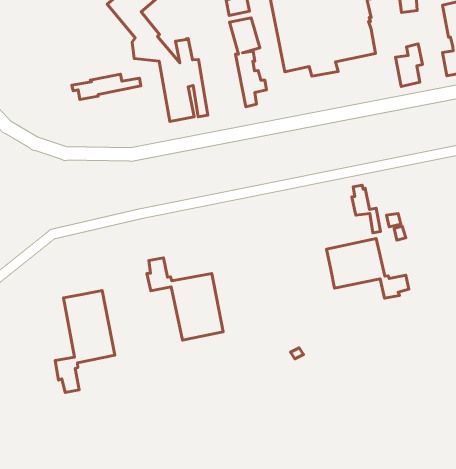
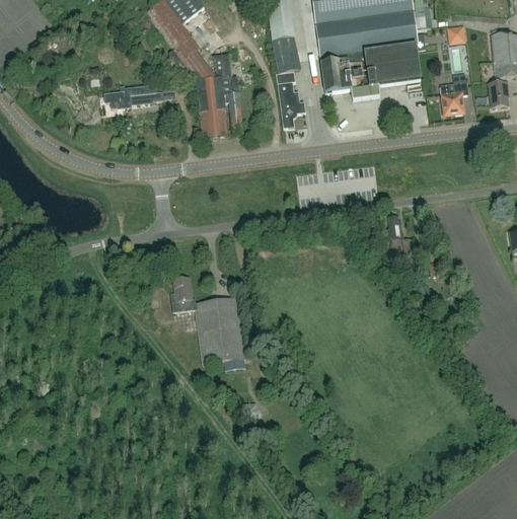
building: [326,238,409,298] -> none
building: [55,291,115,393] -> none

